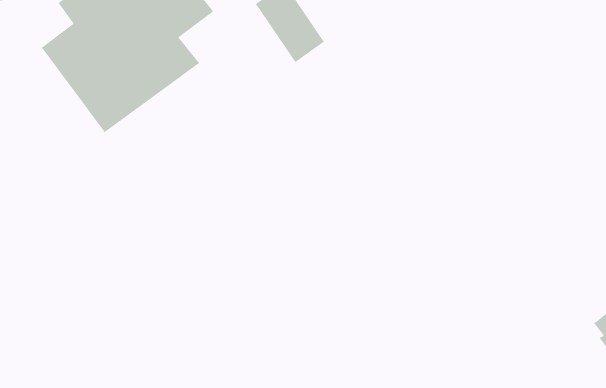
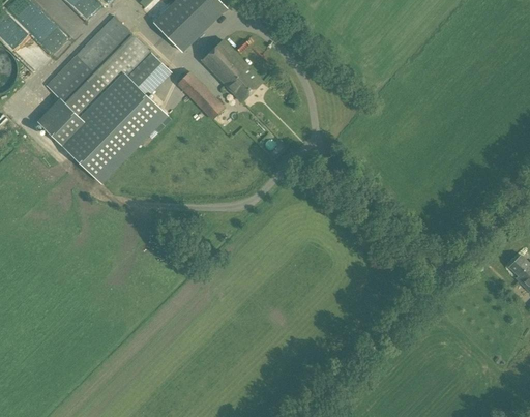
building: none -> [177,71,223,119]

